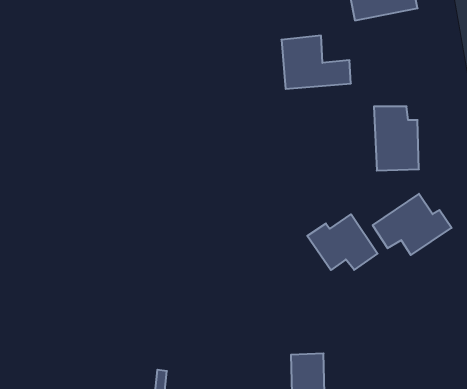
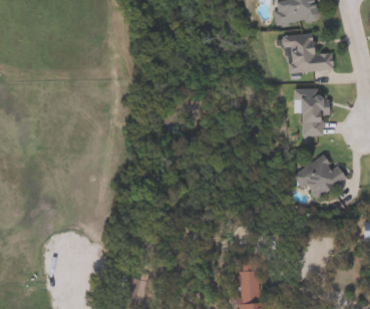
building: [281,36,351,89] -> [279,32,330,71]
building: [307,214,378,270] -> none

